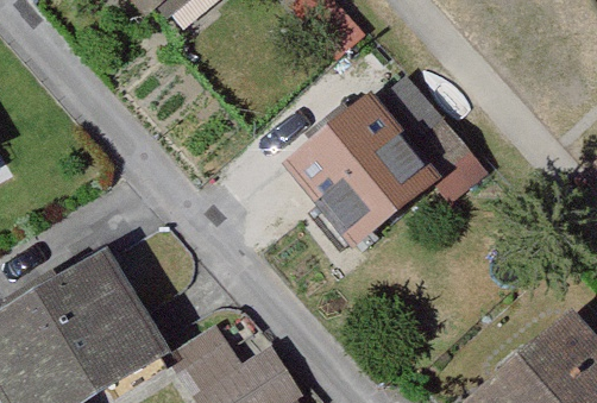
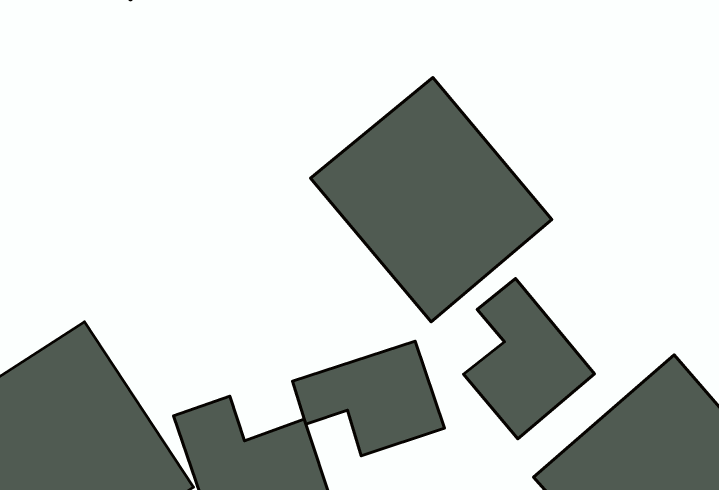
building: none -> [463,278,595,439]
building: none -> [292,341,445,456]

